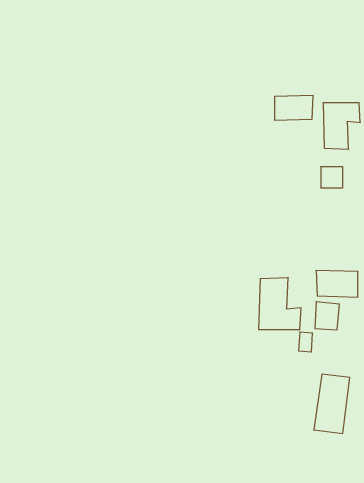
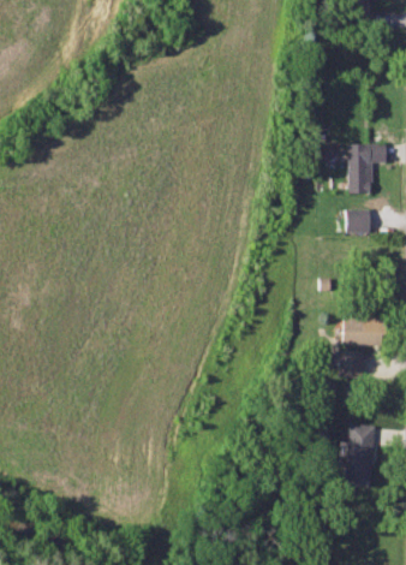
building: [275,95,313,120] -> none
building: [259,277,301,330] -> none

